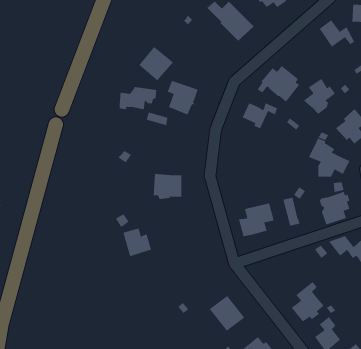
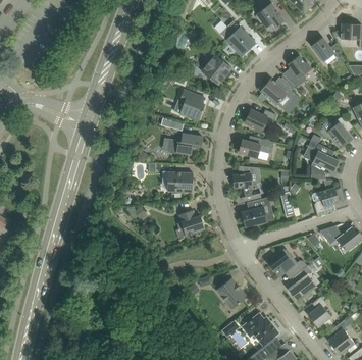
building: [139,46,174,81] -> [201,54,231,85]
building: [303,78,336,114] -> [282,55,311,87]
building: [119,86,157,110] -> [168,134,202,154]
building: none -> [238,138,273,157]
building: none -> [232,172,260,201]
building: [123,228,152,257] -> [178,210,204,236]
building: none -> [268,249,307,277]

